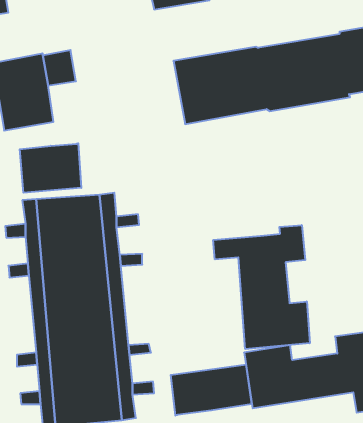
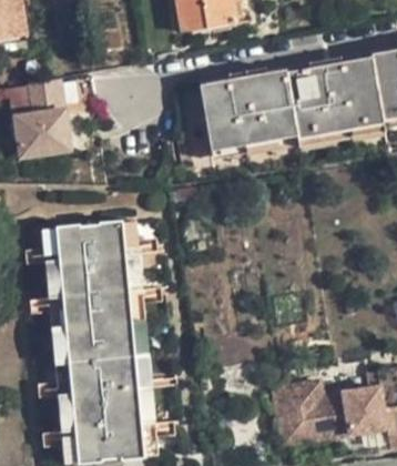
building: [20,143,81,193] -> none
building: [213,225,310,349] -> none
building: [171,365,251,416] -> none

